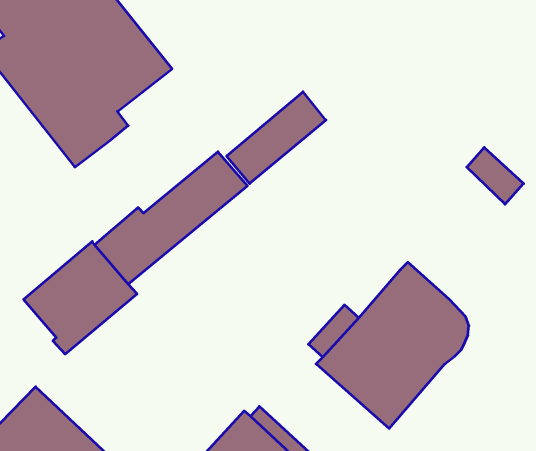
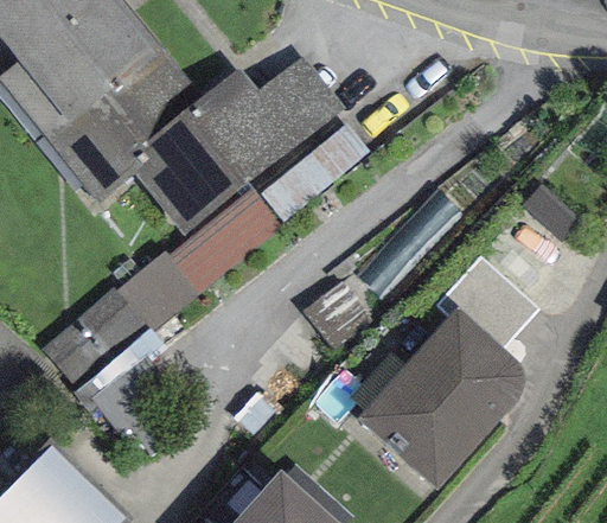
building: none -> [134,57,344,236]
building: none -> [436,257,537,349]

